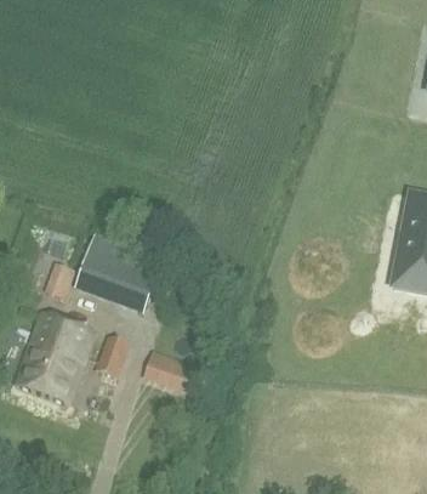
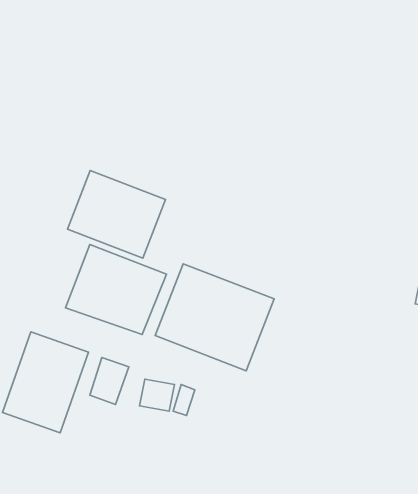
building: none -> [67,170,165,258]
building: none -> [155,264,274,371]

